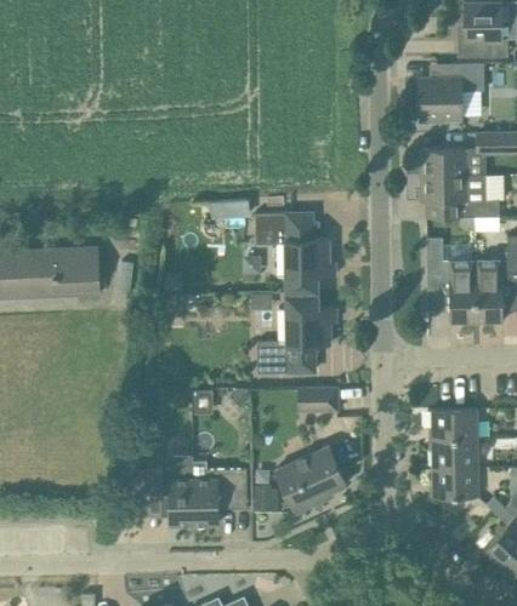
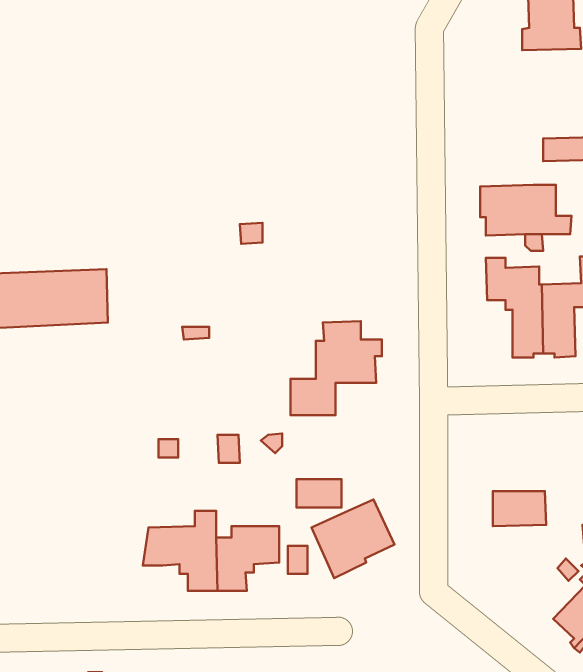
building: [419,63,484,124] -> none
building: [420,149,467,176] -> none
building: [255,213,335,293] -> none
building: [299,387,337,411] -> [296,479,341,507]
building: [432,408,477,439] -> none
building: [432,468,478,498] -> none

